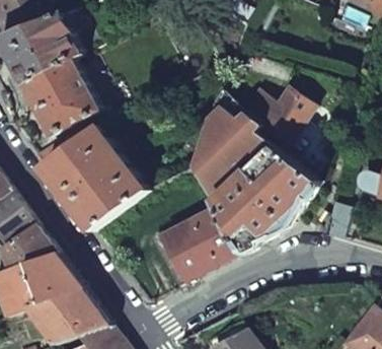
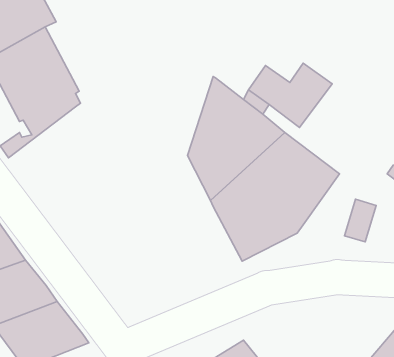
building: [43,125,147,232] -> none
building: [152,208,237,285] -> none

